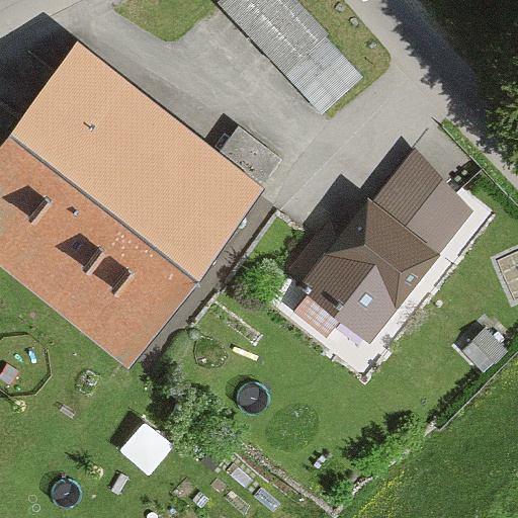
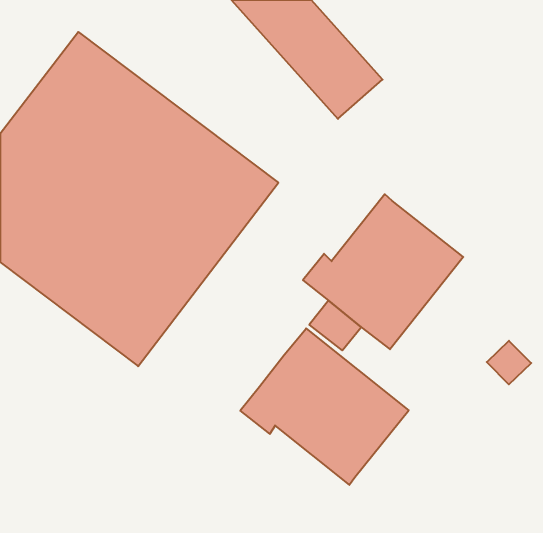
building: [373,151,469,254] -> none
building: none -> [240,328,409,485]

